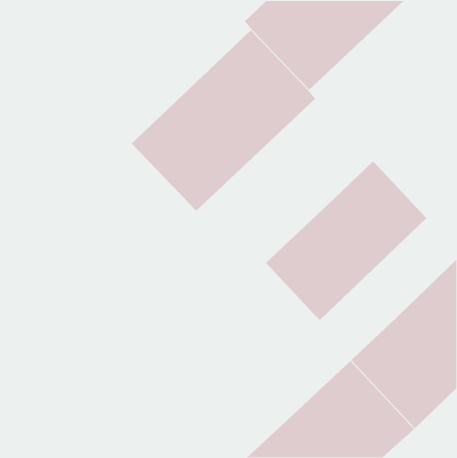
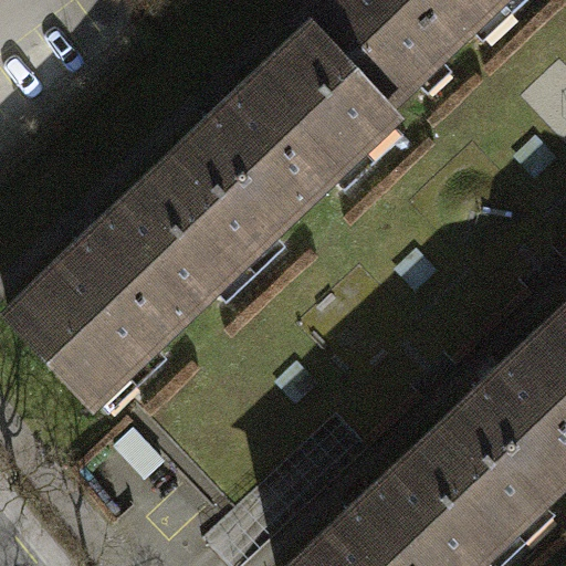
building: none -> [11,177,242,403]
building: [265,161,427,321] -> none

